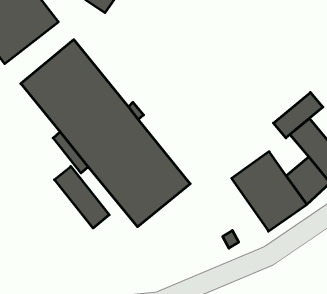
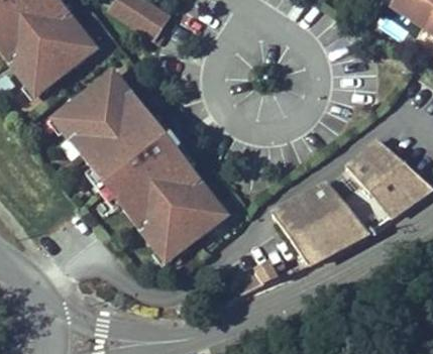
building: [273,92,323,138] -> none
building: [54,166,109,228] -> none

